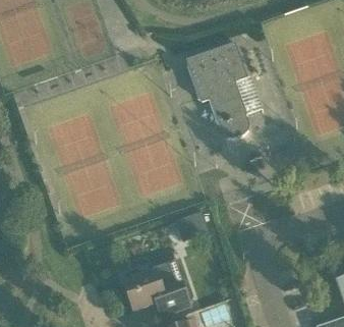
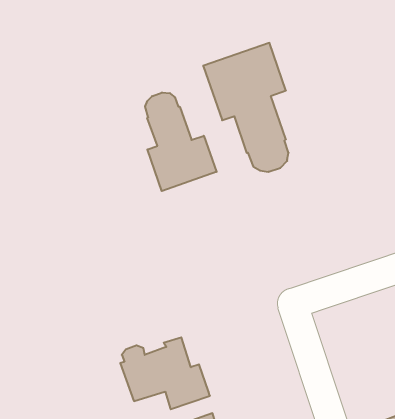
building: none -> [145,92,217,191]

